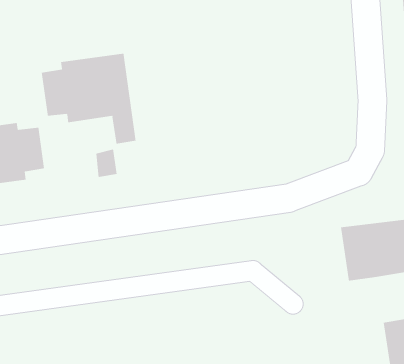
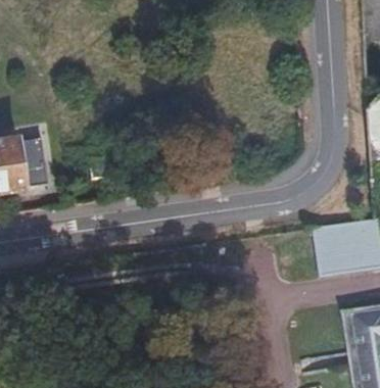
building: [41,53,136,145] -> none

